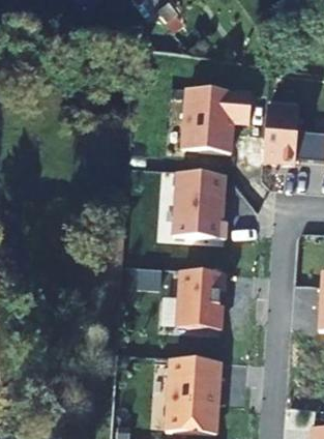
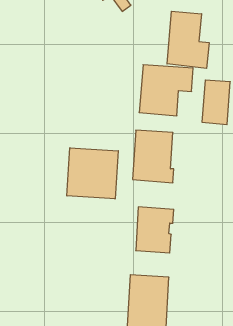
building: none -> [167,11,209,68]
building: none -> [67,148,118,199]

